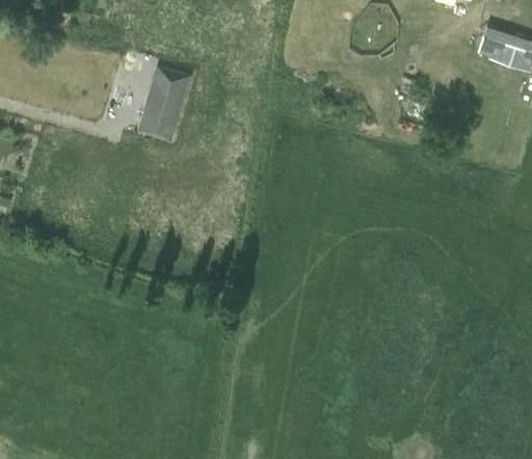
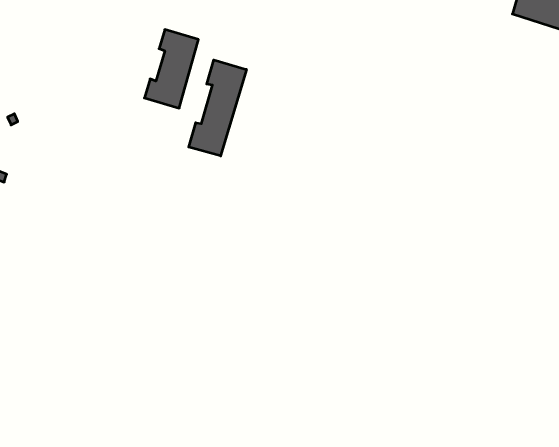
building: none -> [189,60,246,156]

